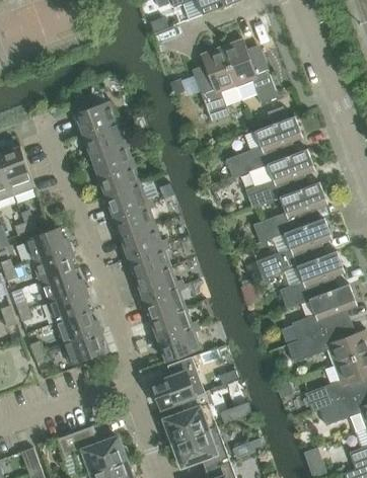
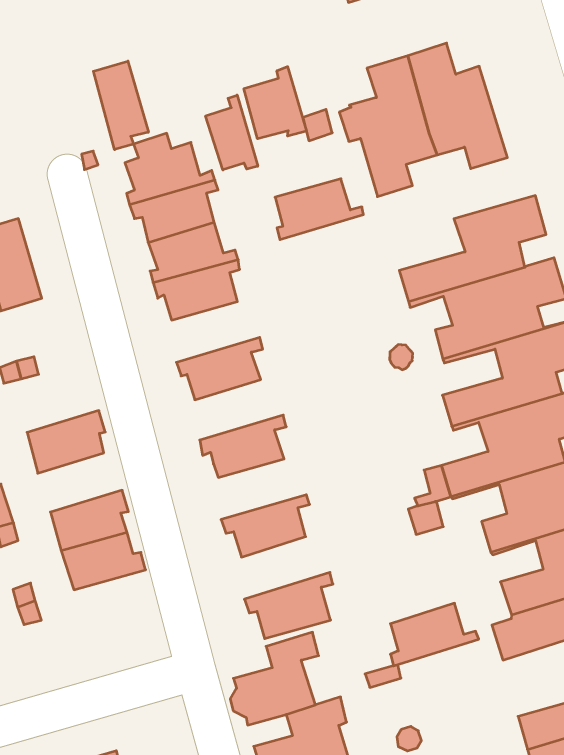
building: none -> [244,67,306,139]
building: none -> [93,61,148,150]
building: none -> [206,95,258,170]
building: [104,183,152,218] -> [275,179,363,240]
building: [120,224,167,258] -> none
building: [23,227,69,260] -> none
building: [135,265,182,300] -> none
building: [39,268,84,302] -> none
building: [150,306,198,341] -> [390,603,479,666]
building: [62,329,103,366] -> none

